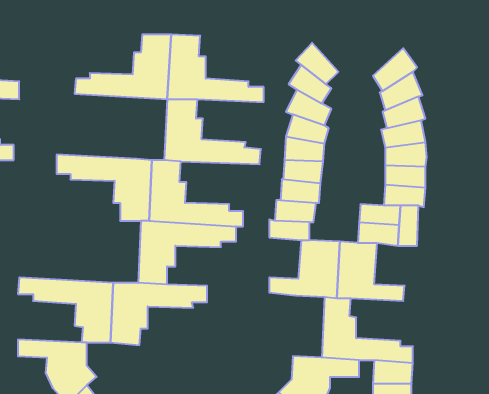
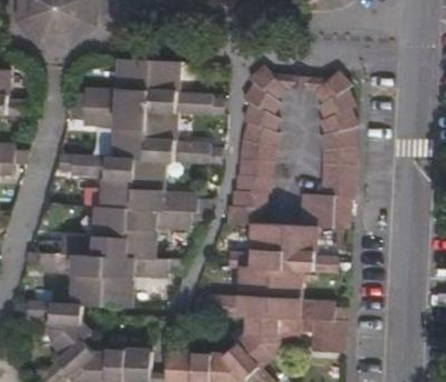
building: none -> [72,105,148,159]
building: none -> [49,207,126,258]
building: none -> [195,268,274,318]

